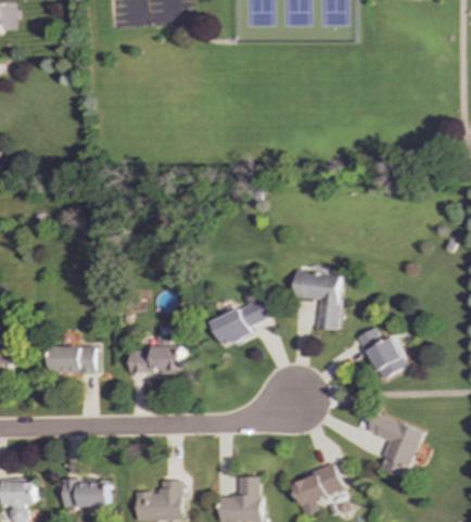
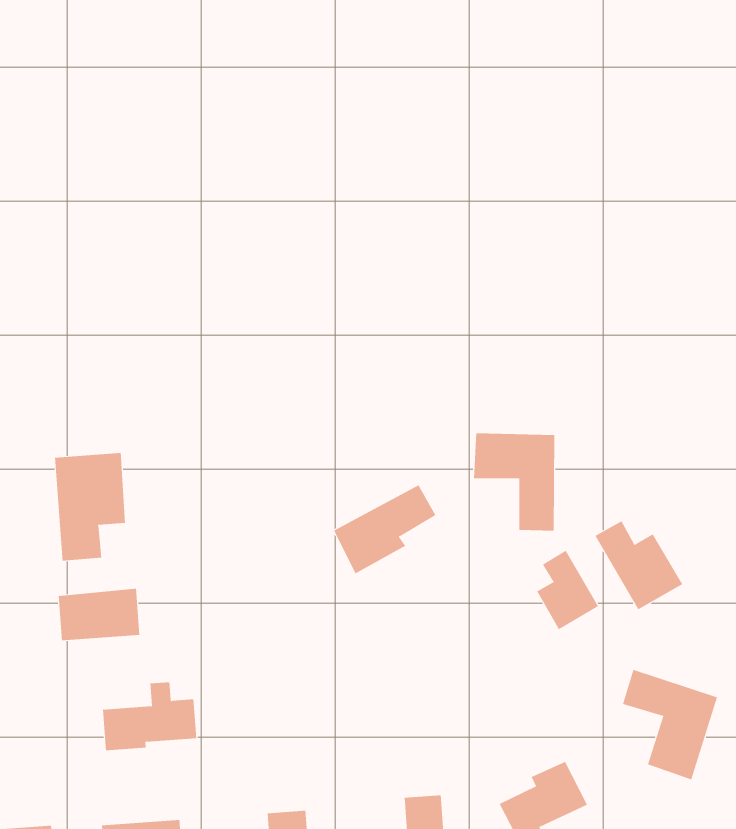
building: none -> [55,452,126,562]
building: [128,336,181,373] -> [102,682,197,751]
building: none -> [537,550,599,630]

